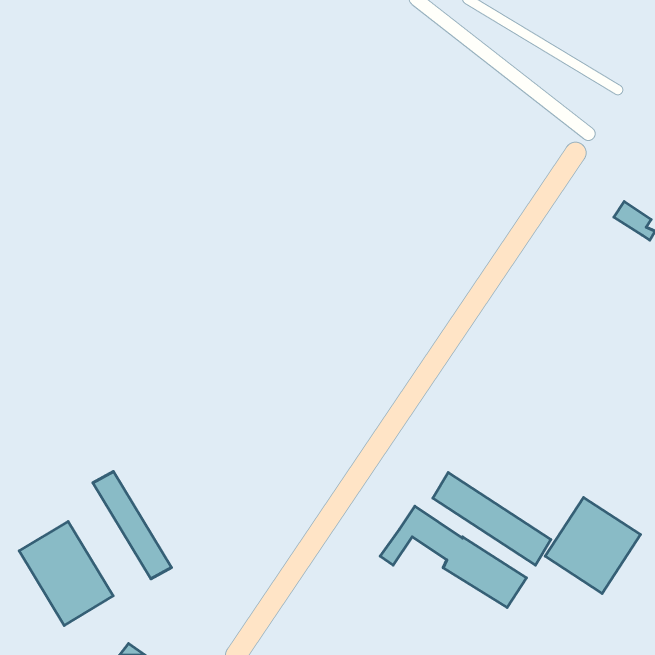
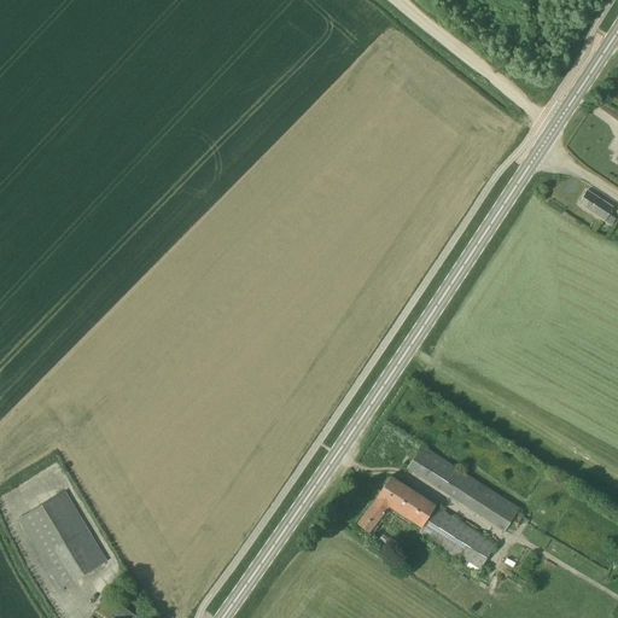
building: [93,471,172,579] -> none
building: [545,498,640,593] -> none

